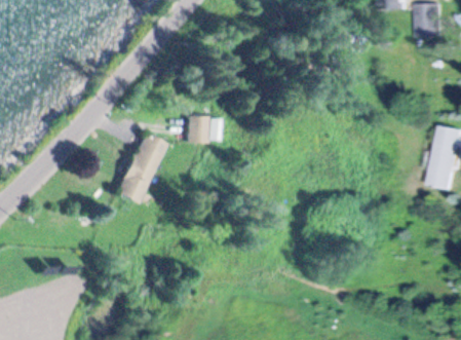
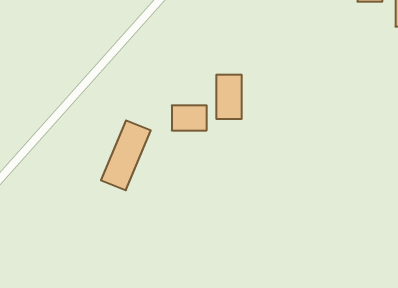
building: none -> [216,75,242,119]

